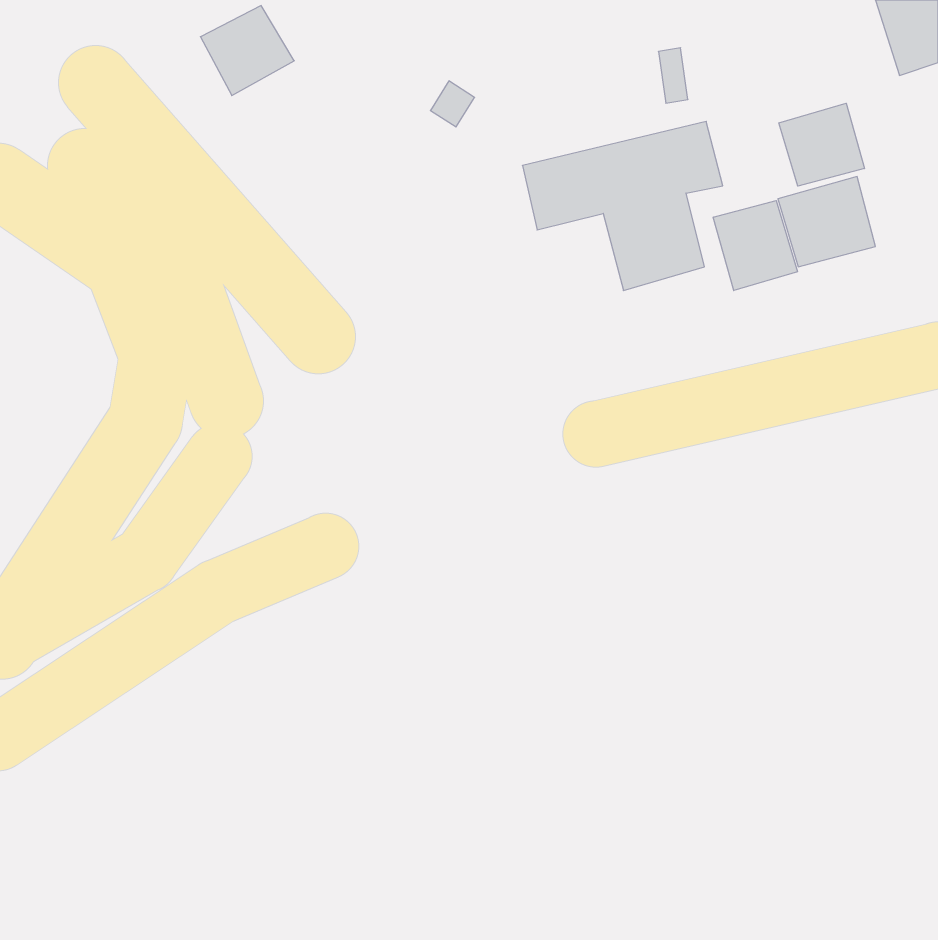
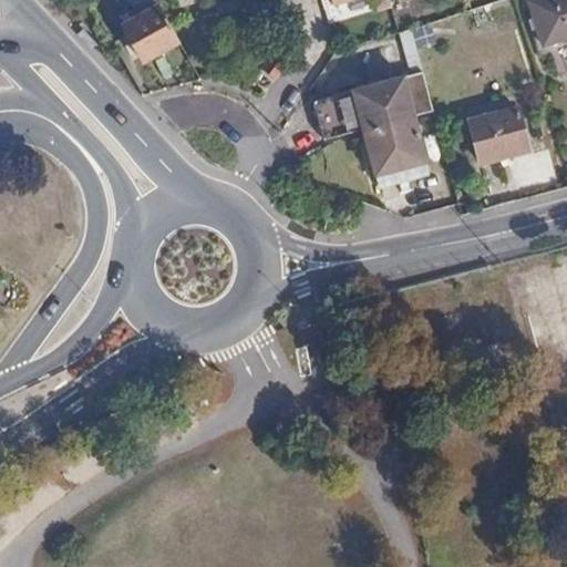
building: [779,103,864,186] -> none
building: [713,201,797,291] -> none

